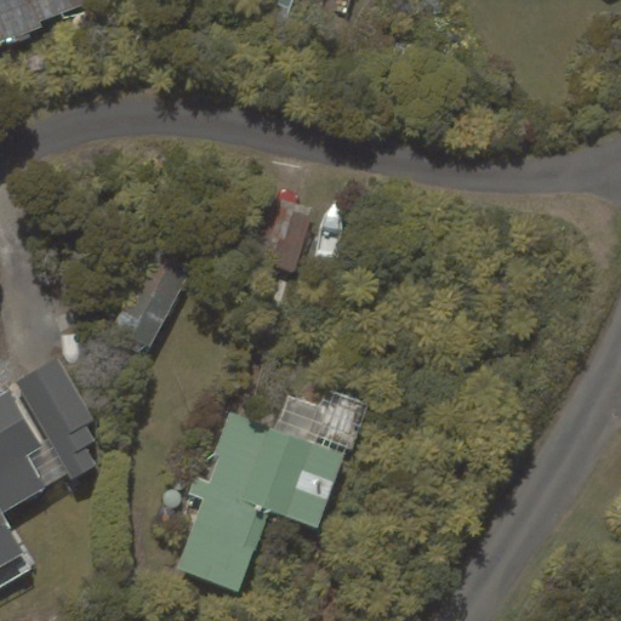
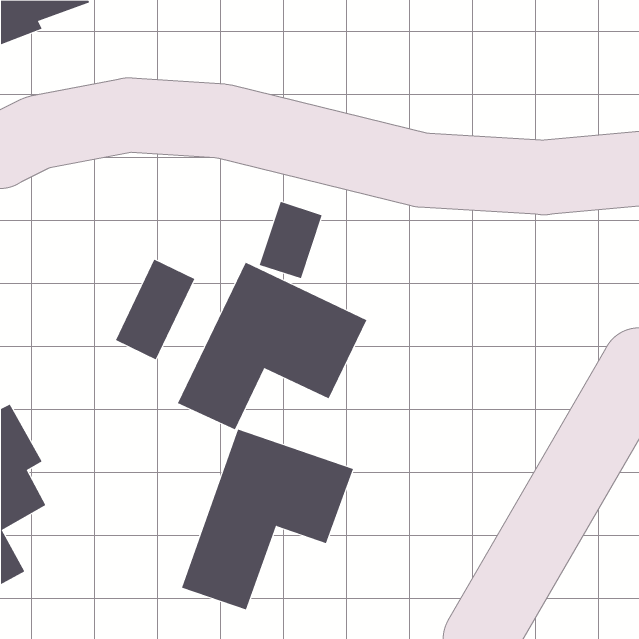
building: none -> [177,262,367,430]
building: [13,355,95,479] -> none

